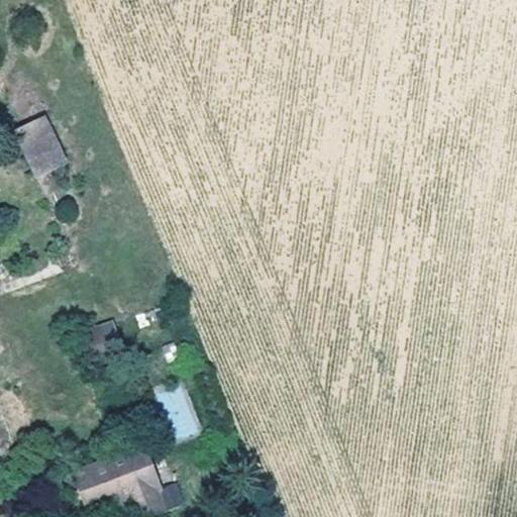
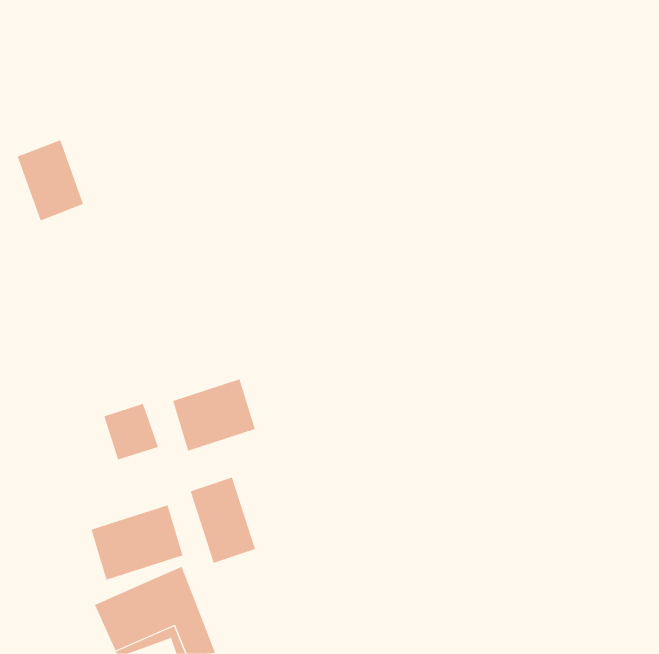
building: none -> [172,379,255,451]
building: none -> [91,505,183,581]

